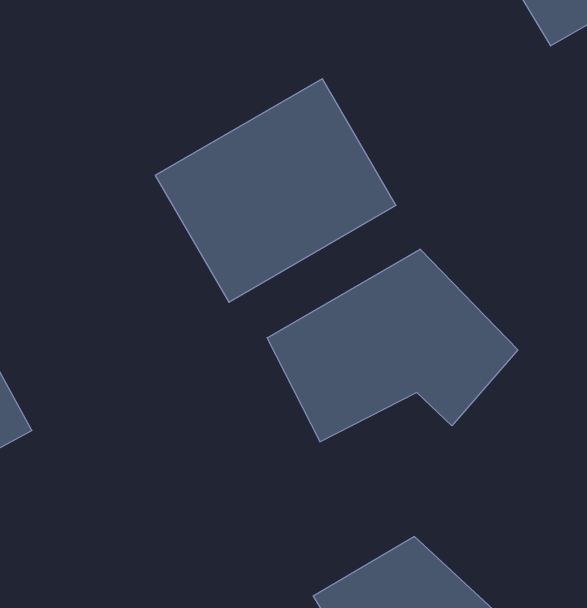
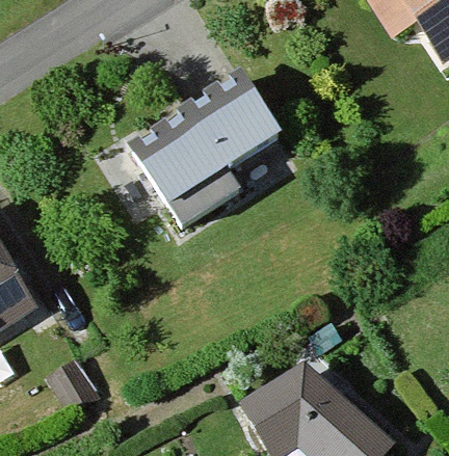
building: [267,249,518,442] -> none

